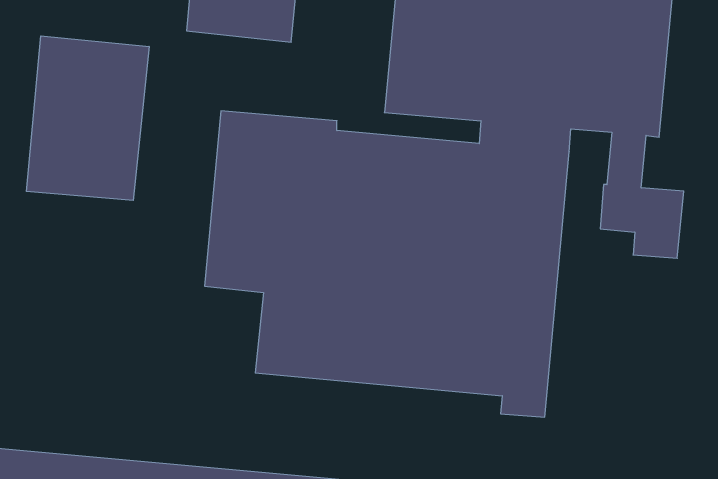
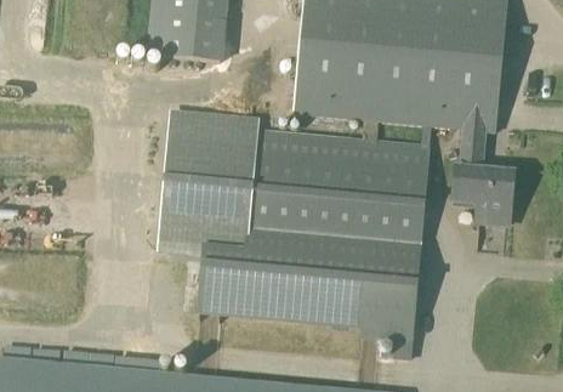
building: [26,36,149,200] -> none

